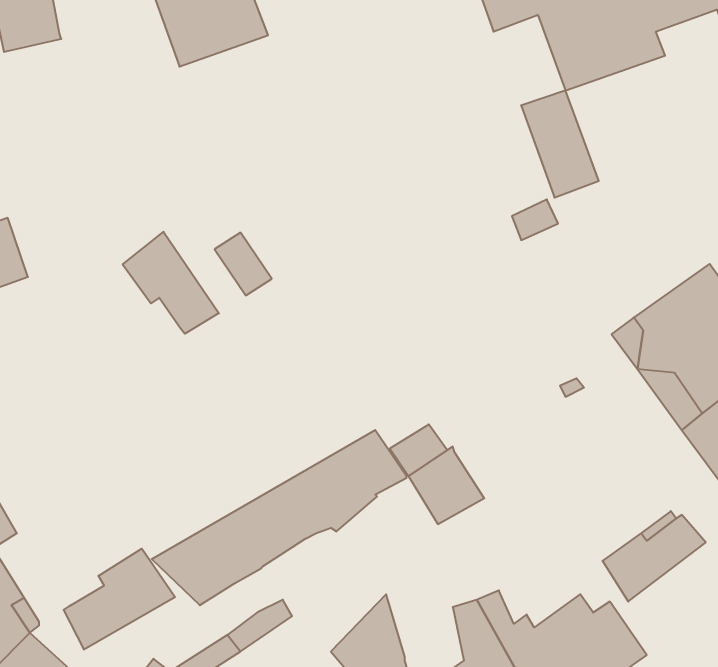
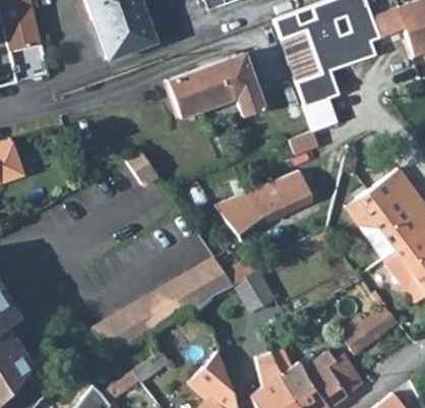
building: none -> [280,31,319,80]
building: none -> [167,52,265,117]
building: [123,232,219,334] -> none
building: none -> [215,171,312,242]
building: [64,549,175,650] -> none

